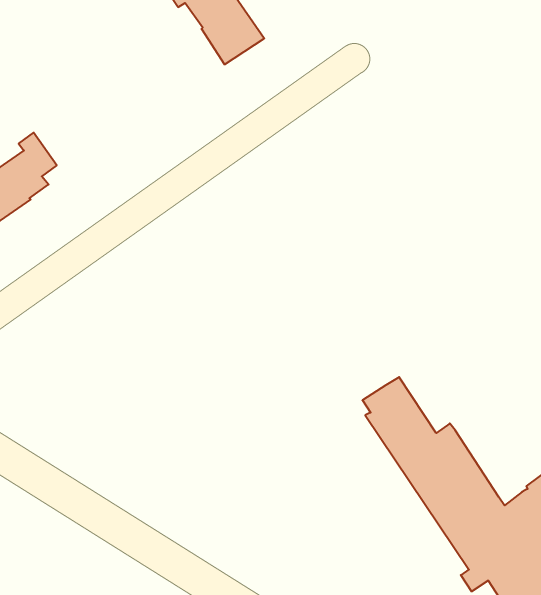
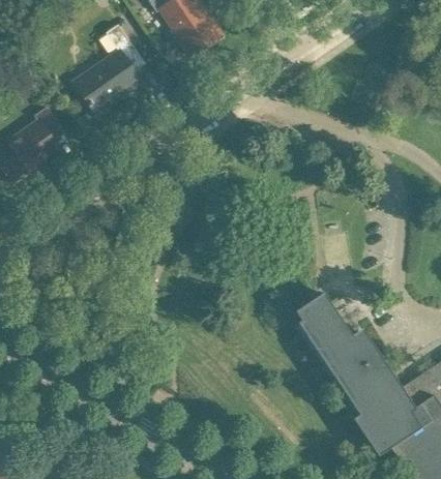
building: none -> [76,26,146,113]

